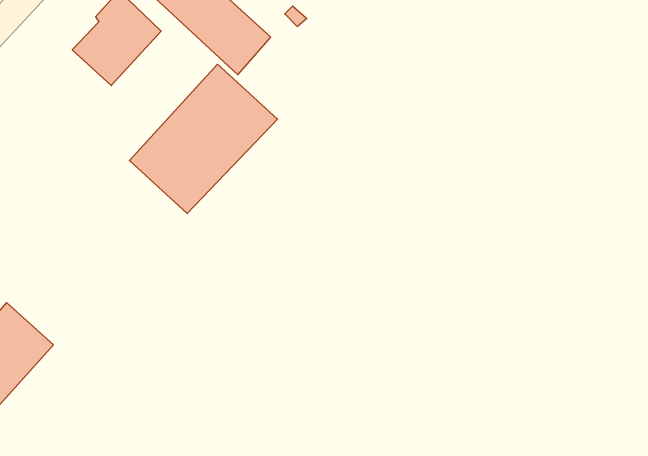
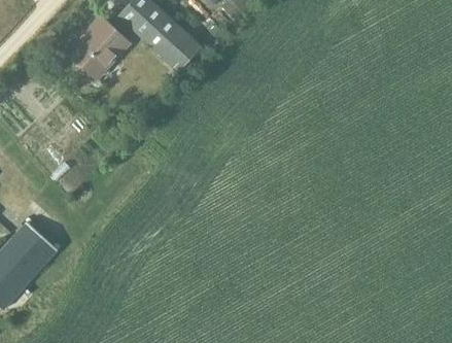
building: [129,64,278,214] -> none

